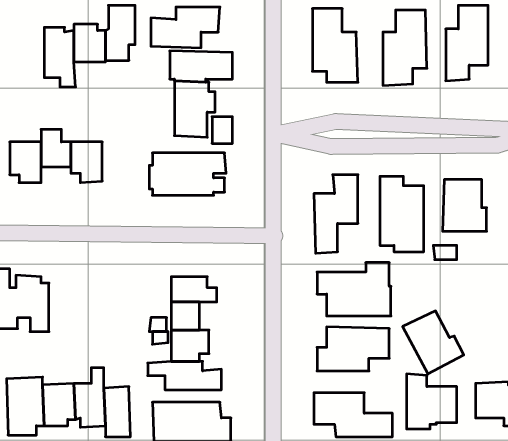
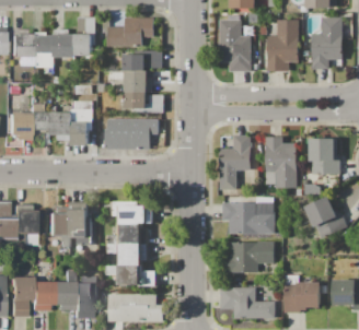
building: none -> [10,30,32,66]
building: none -> [72,102,93,145]
building: none -> [47,202,91,252]
building: [403,311,464,374] -> [304,196,347,239]

